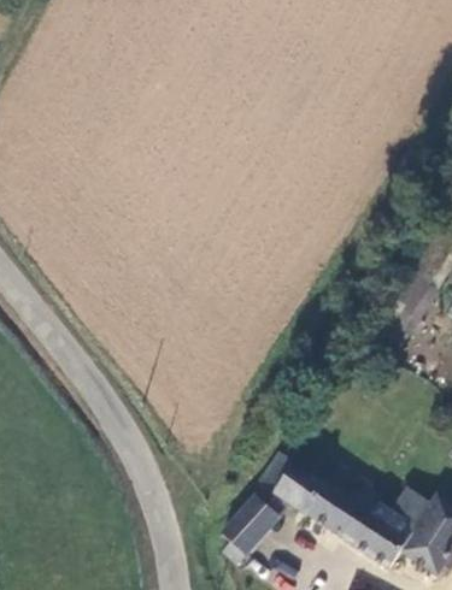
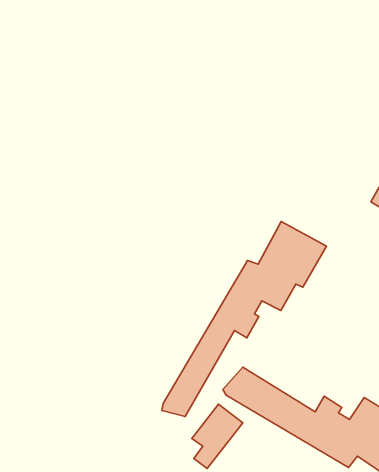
building: none -> [162,221,327,416]

